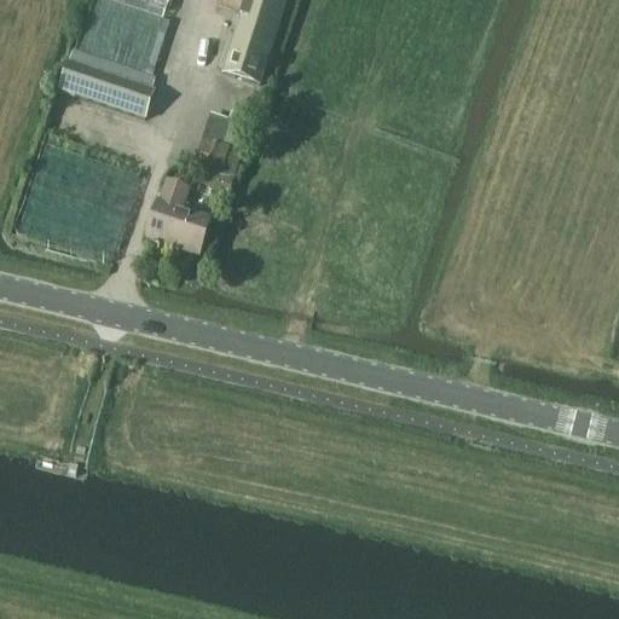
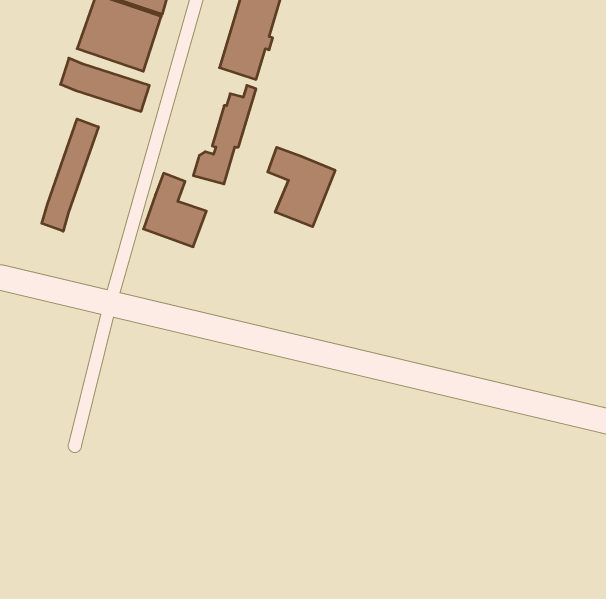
building: none -> [42,119,98,231]
building: none -> [268,147,335,227]

